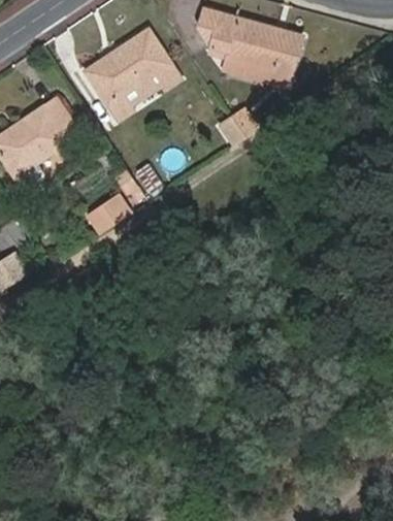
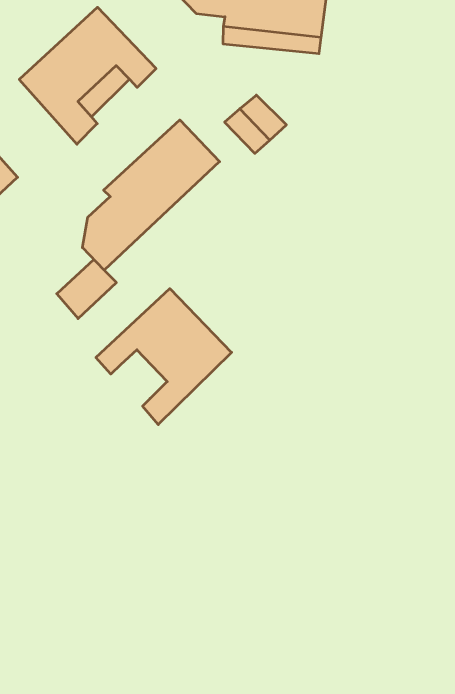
building: none -> [82,120,220,270]
building: none -> [96,289,232,425]

